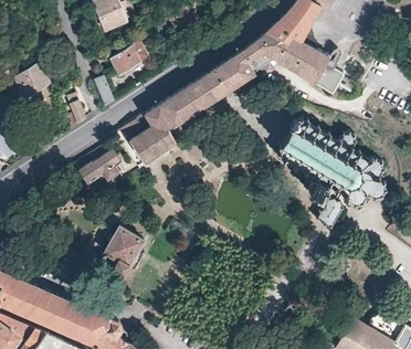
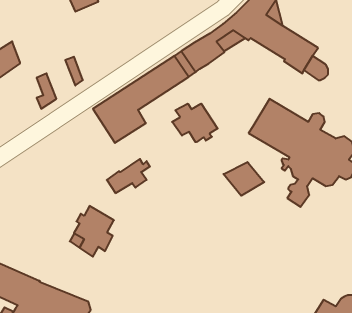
building: [110,43,149,76] -> none
building: none -> [172,104,218,142]
building: [80,151,123,186] -> [107,159,150,193]
building: none -> [223,162,264,196]

